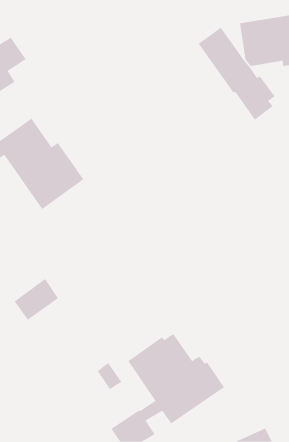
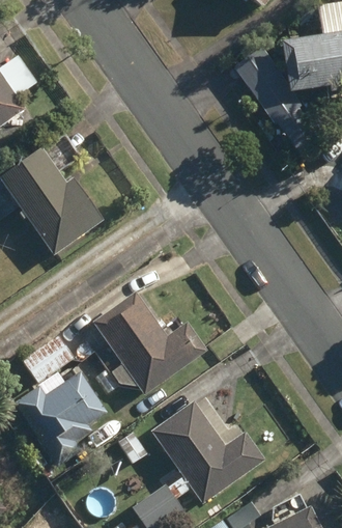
building: none -> [93,291,206,394]
building: none -> [15,371,107,466]

